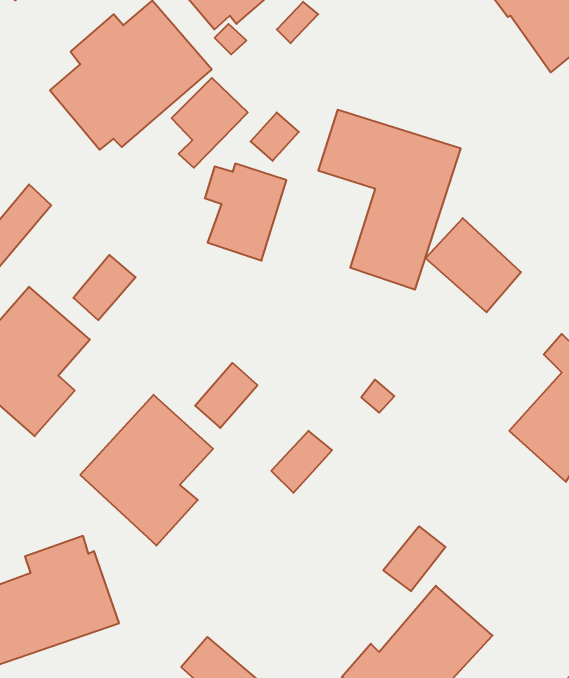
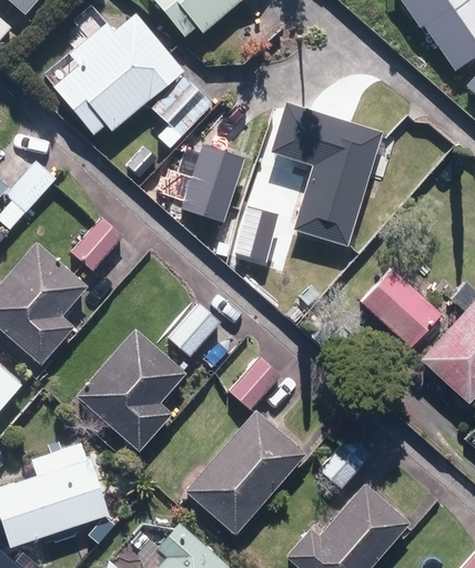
building: [425,218,521,312] -> [361,271,437,346]
building: none -> [235,206,279,265]
building: none -> [186,412,305,534]

